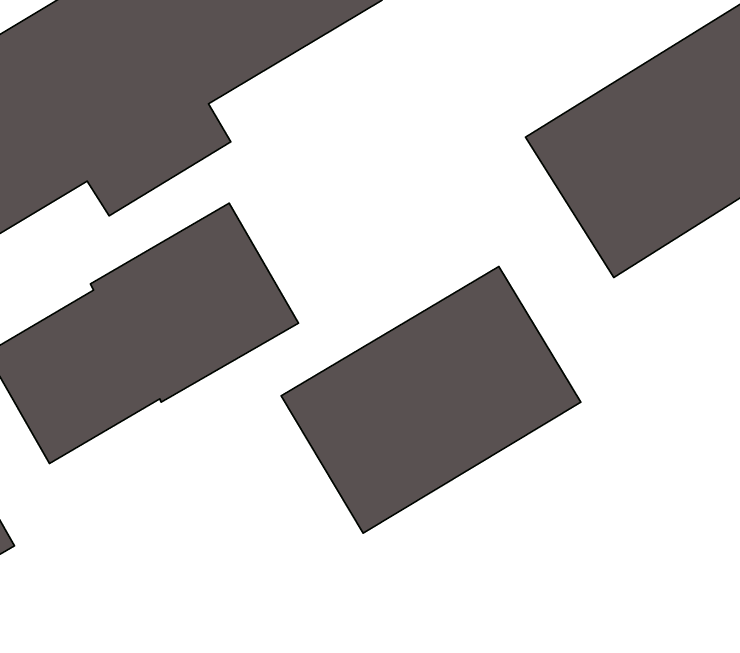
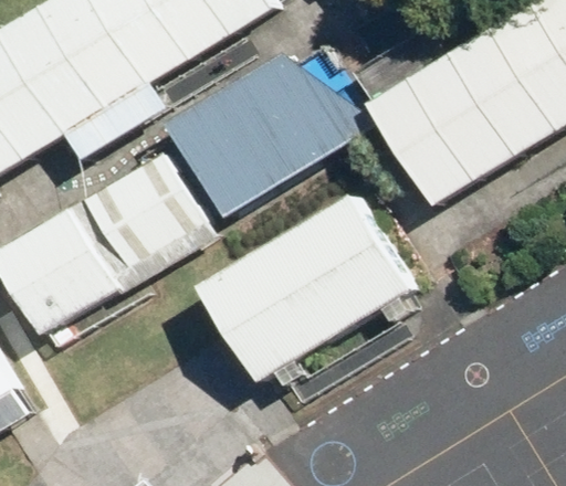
building: none -> [163,54,375,219]

